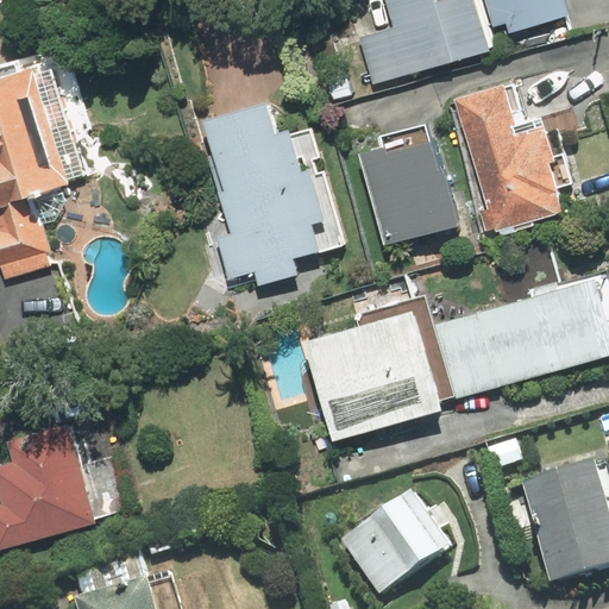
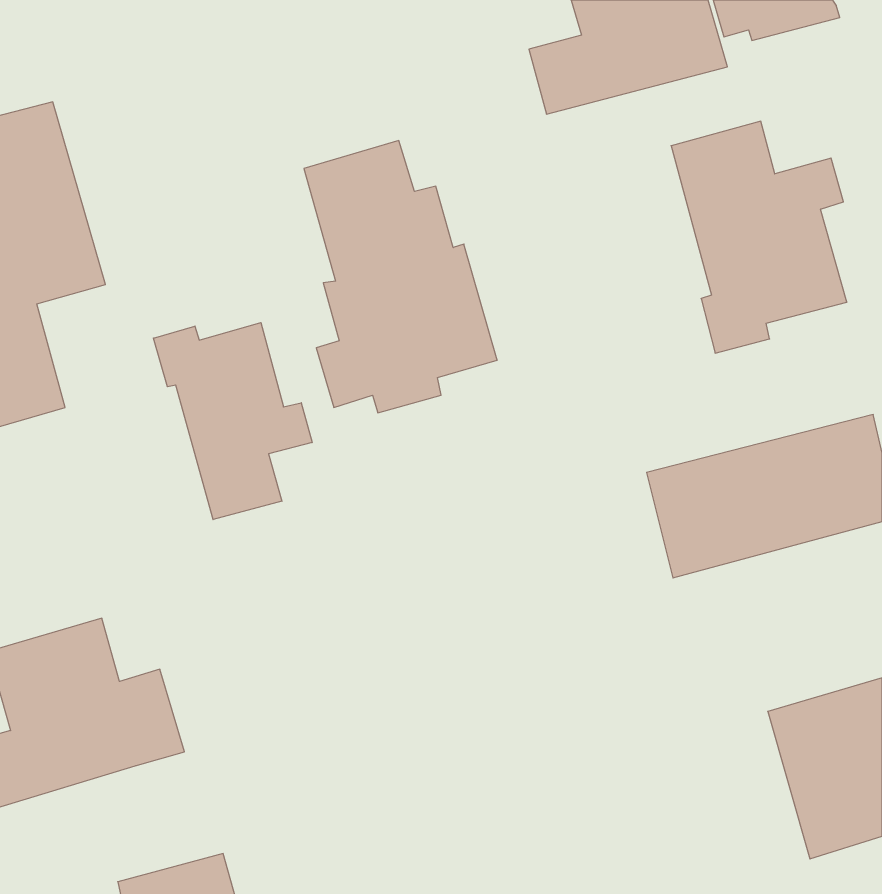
building: [362,139,469,239] -> none
building: none -> [153,323,312,520]
building: [307,304,451,438] -> none
building: [338,492,448,598] -> none

